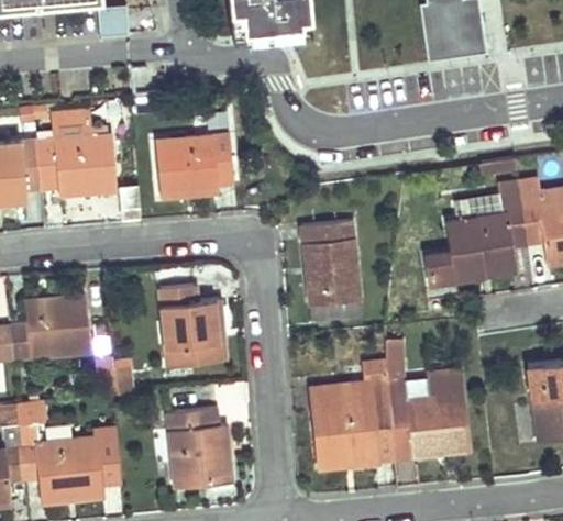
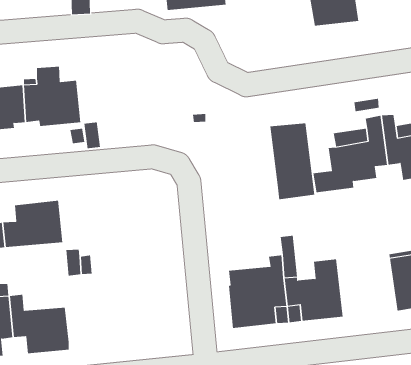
building: [154,134,234,198] -> none
building: [301,221,363,324] -> [269,123,315,200]
building: [161,285,224,365] -> none
building: [166,407,233,495] -> none
building: [93,430,120,485] -> none

